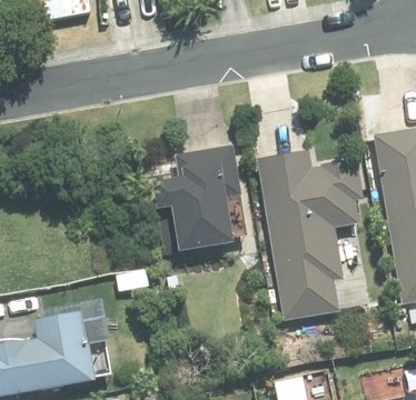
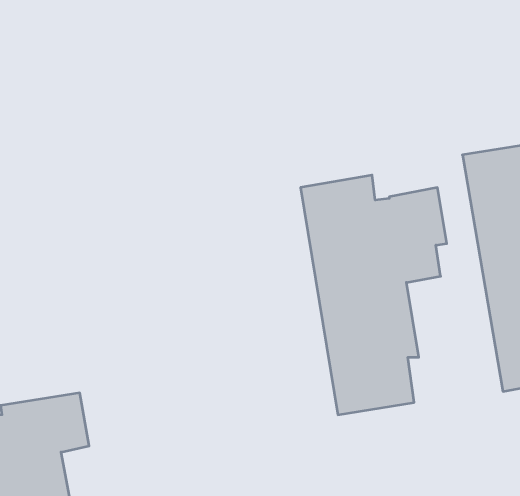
building: [150,147,239,254] -> none

